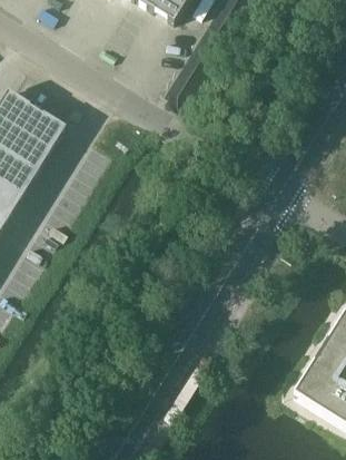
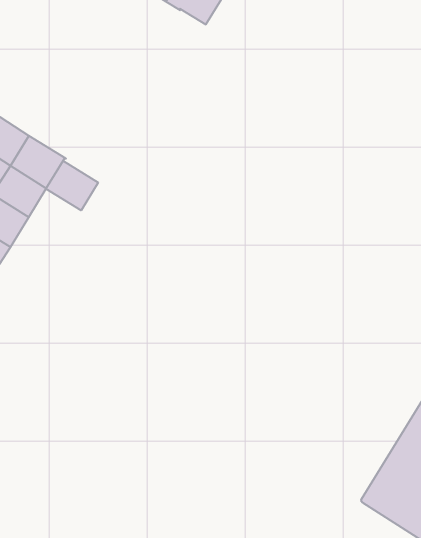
building: none -> [46,161,98,210]

